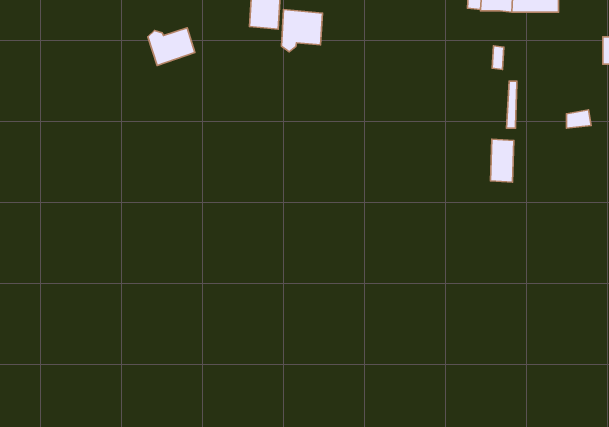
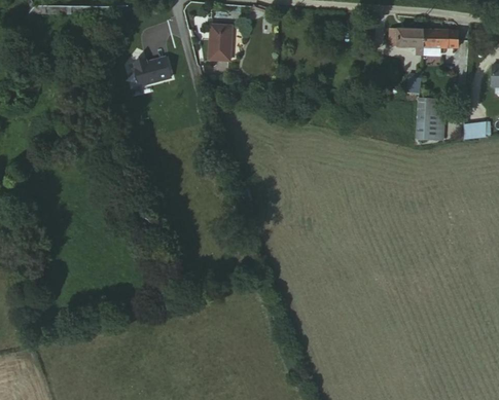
building: [281,10,322,52] -> none
building: [490,139,514,182] -> [423,103,441,137]

